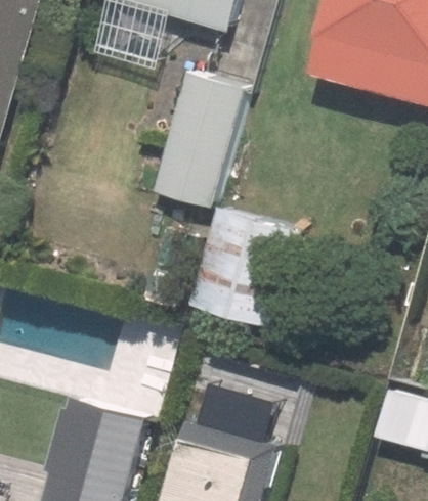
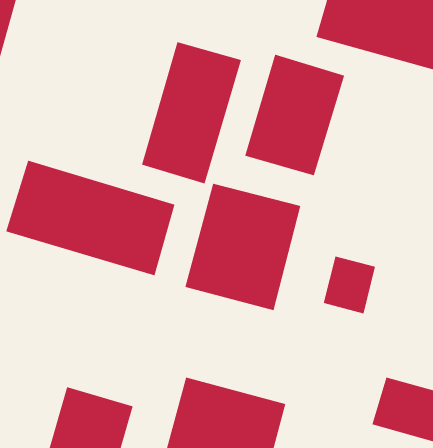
building: none -> [245,54,345,176]
building: none -> [6,160,175,276]

